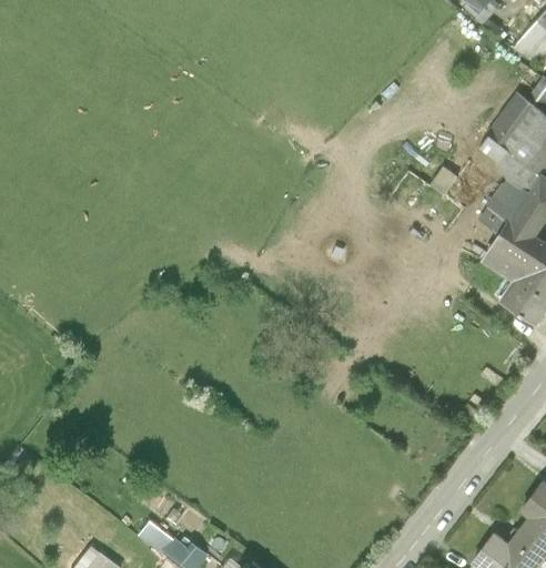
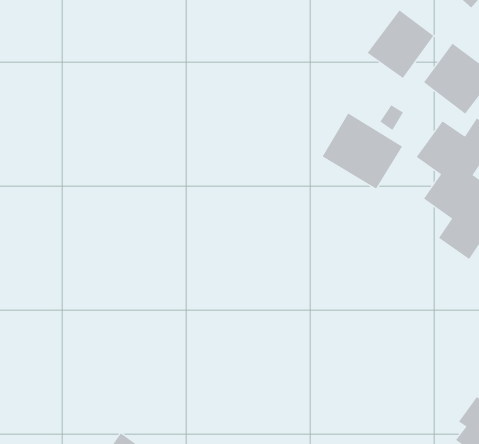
building: none -> [367,10,434,79]
building: none -> [322,113,403,190]

